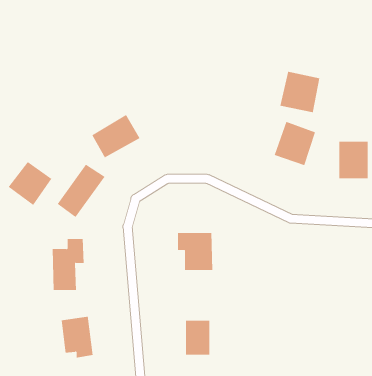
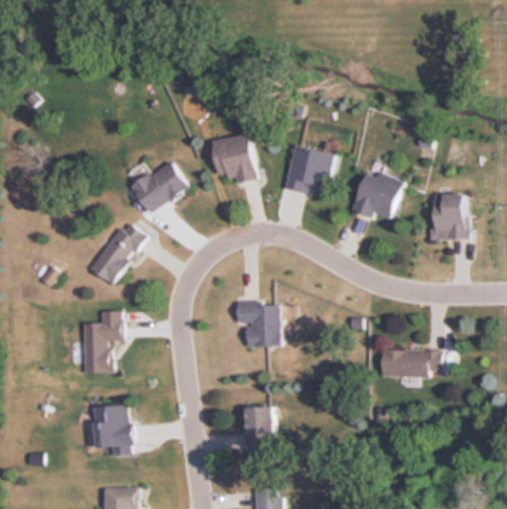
building: [279,71,320,113] -> [284,144,334,195]
building: none -> [211,133,257,181]
building: [8,161,52,206] -> none
building: none -> [375,349,440,376]

